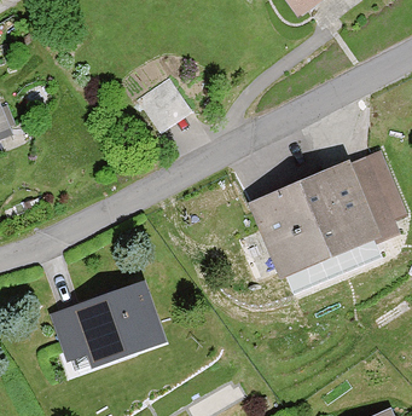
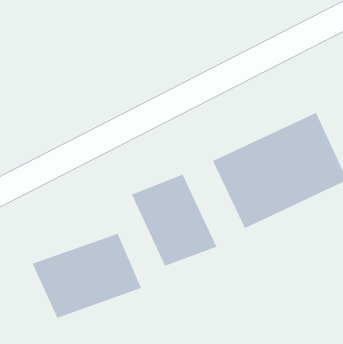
building: none -> [131,174,217,267]

